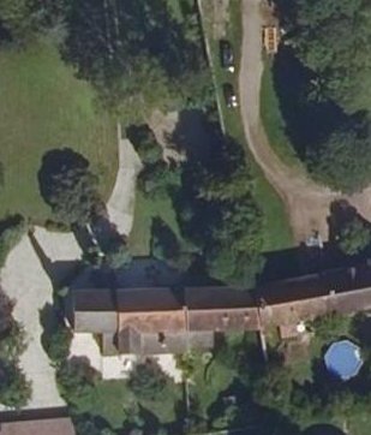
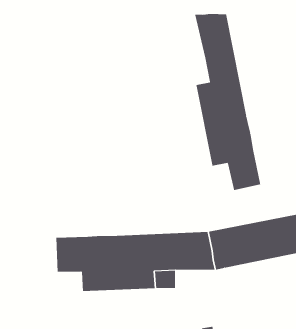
building: none -> [195,13,261,191]

